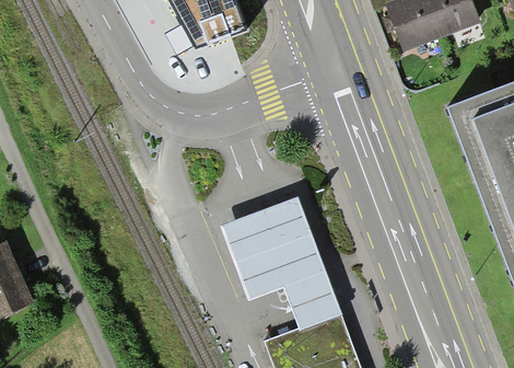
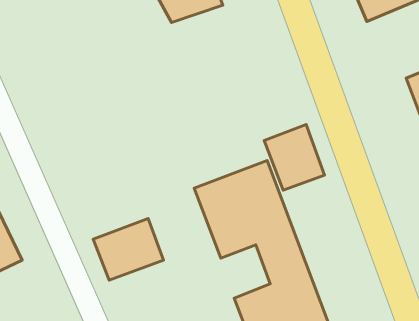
building: none -> [264,125,324,190]
building: none -> [93,218,163,280]

